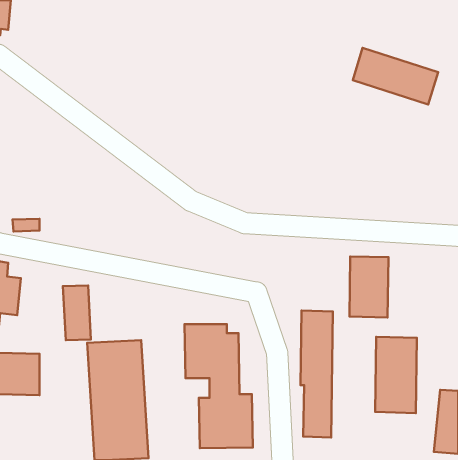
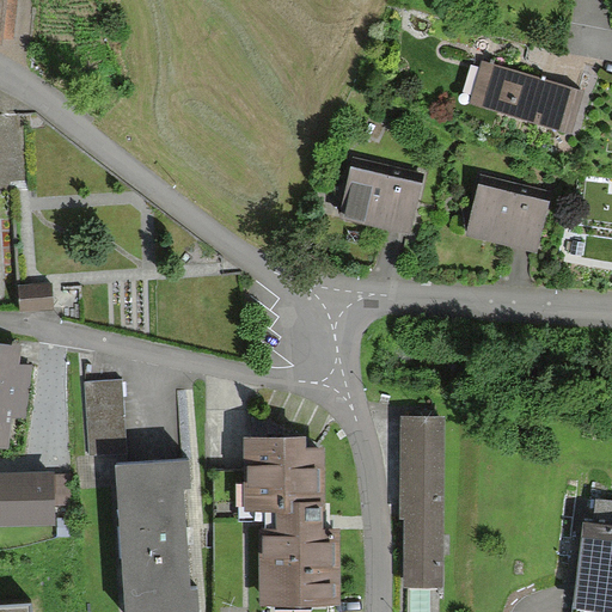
building: none -> [337,172,422,239]
building: none -> [463,188,547,256]
building: [349,256,388,317] -> none
building: [375,337,417,413] -> none

